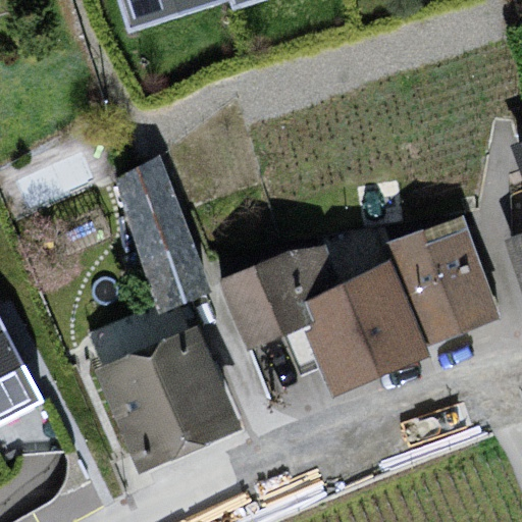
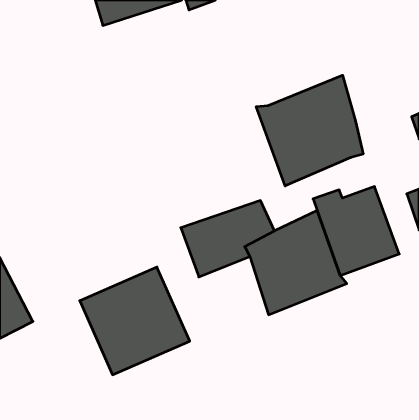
building: none -> [256,75,363,186]
building: [119,160,205,306] -> none

